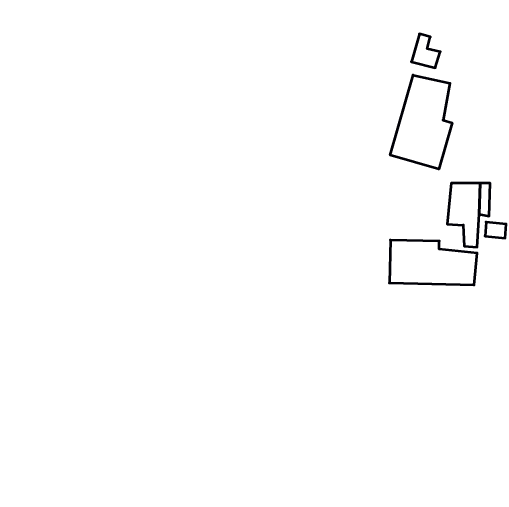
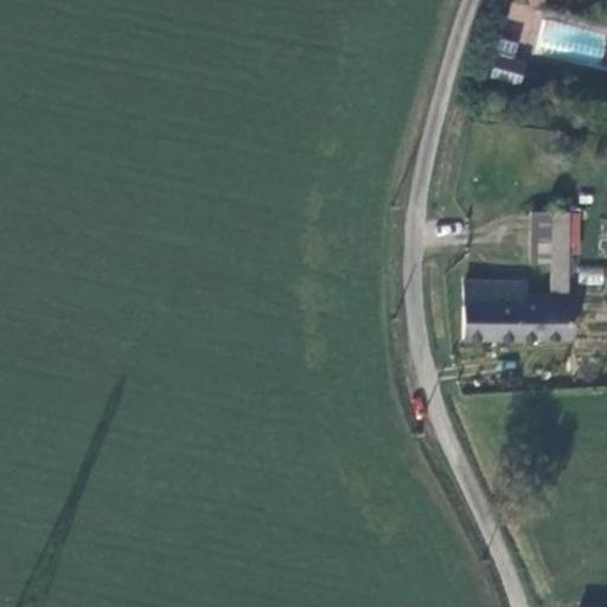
building: [390,75,452,169] -> none

